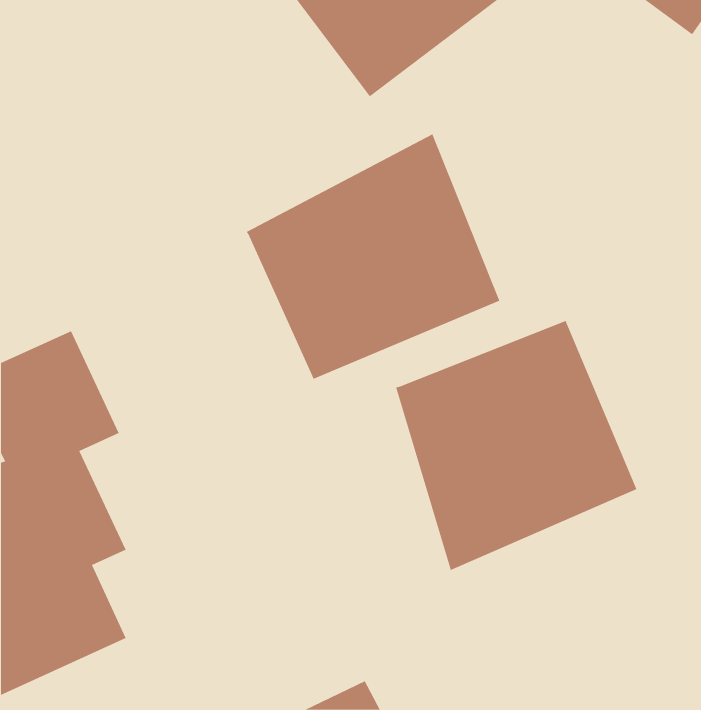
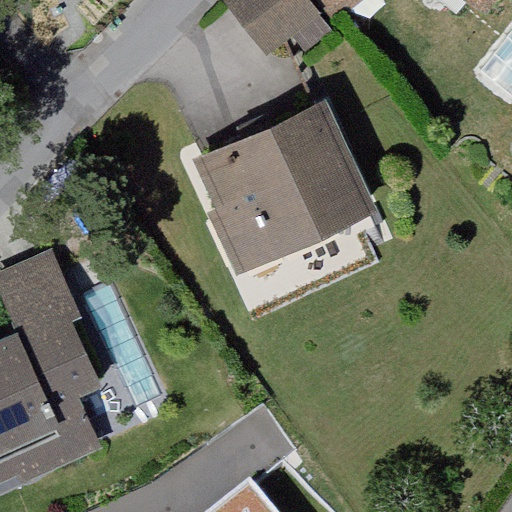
building: [395,320,637,571] -> none

